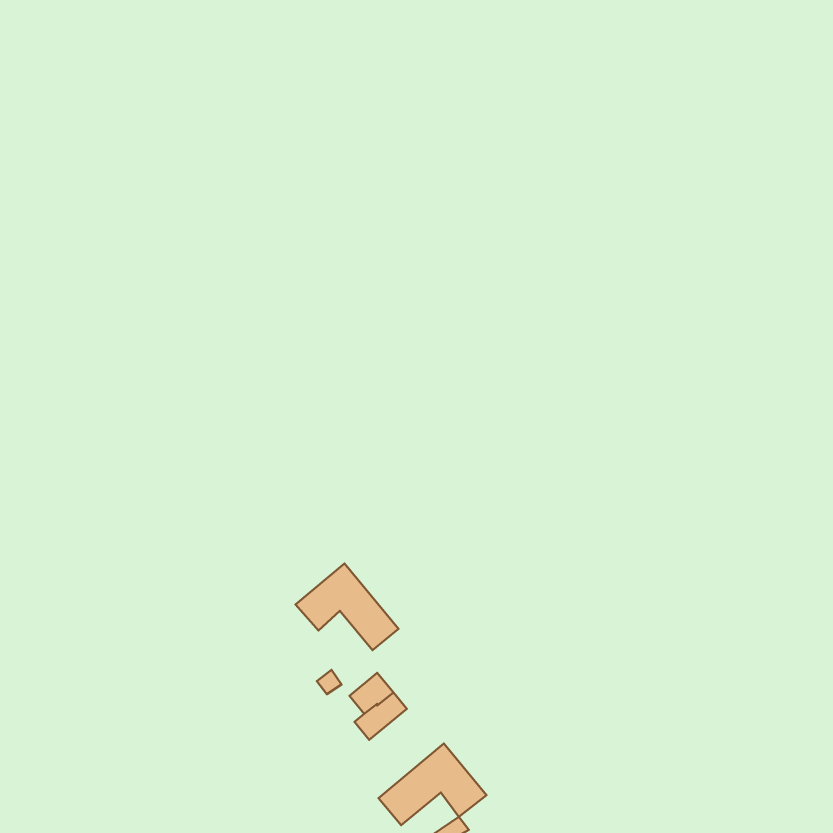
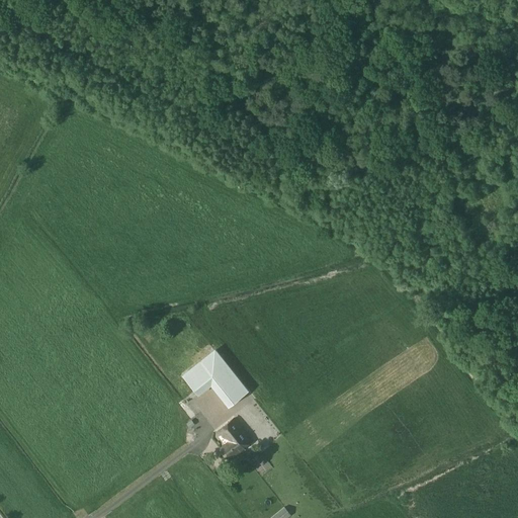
building: [378,744,486,825] -> none

